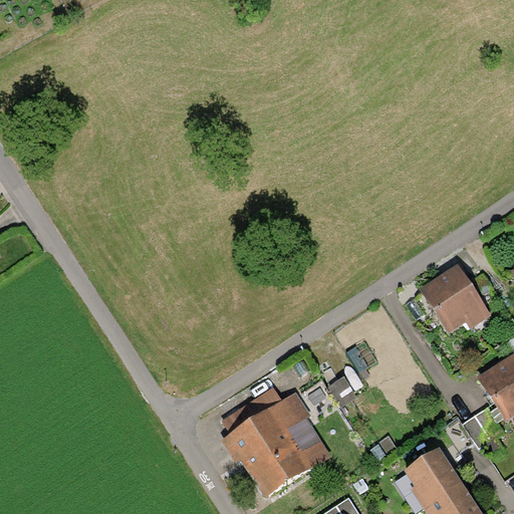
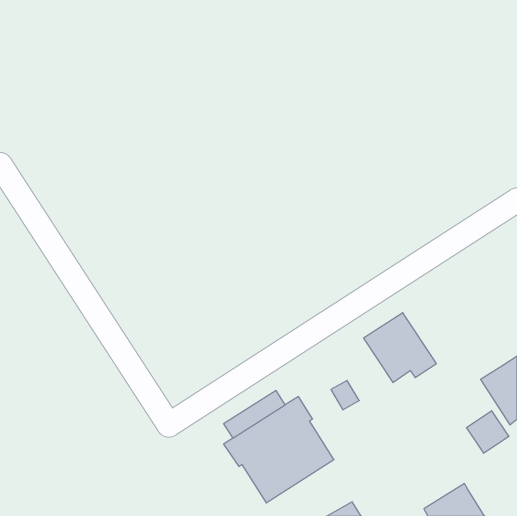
building: [420,265,492,334] -> [364,313,436,383]
building: [405,449,461,505] -> none

